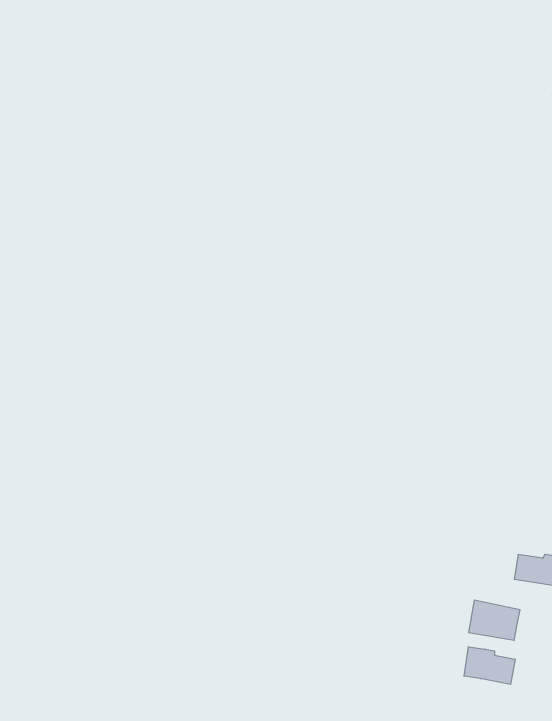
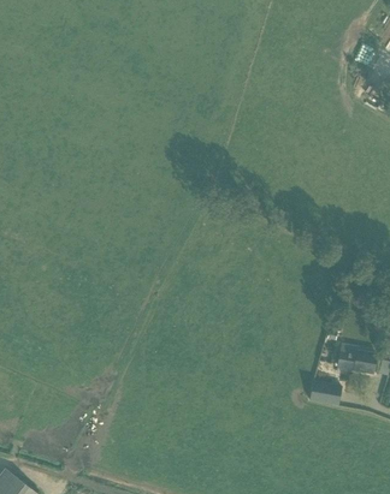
building: [464,647,515,684] -> none

